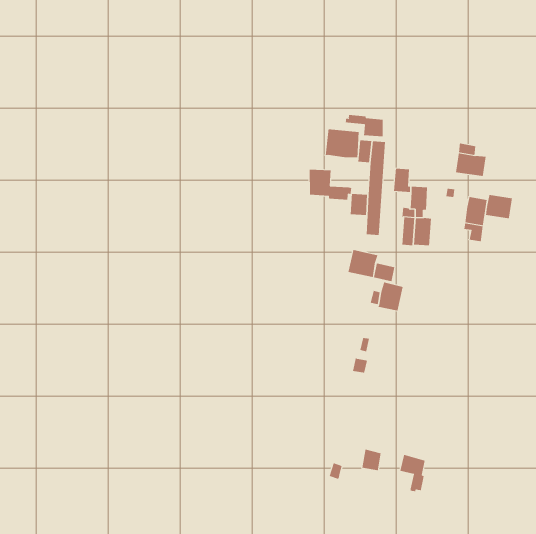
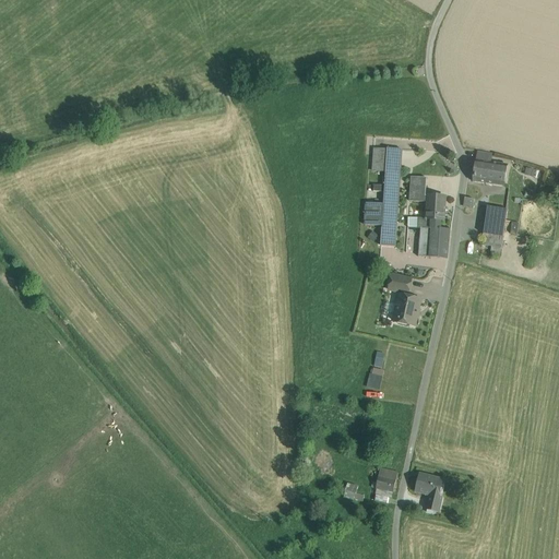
building: [345,114,383,137] -> none
building: [325,129,359,158] -> none
building: [309,169,352,200] -> none
building: [486,194,513,219] -> none
building: [348,249,378,278] -> none

